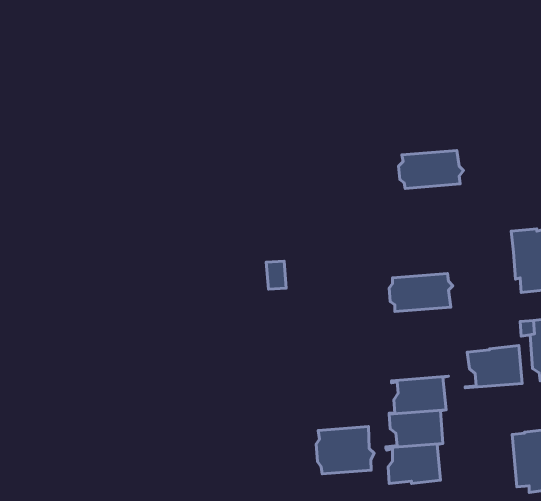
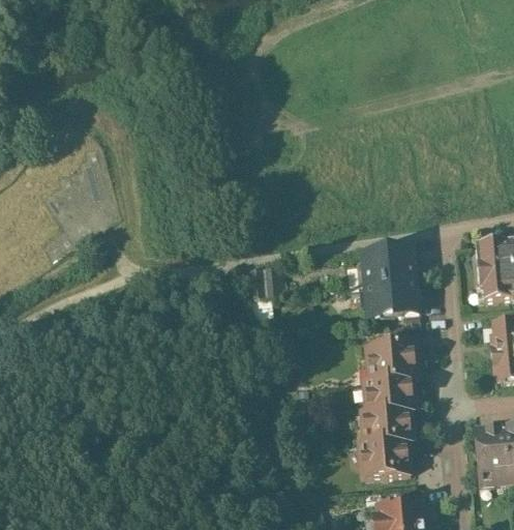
building: [399,150,464,188] -> [358,248,418,284]
building: [465,345,522,388] -> [363,340,416,379]
building: [316,427,374,474] -> none

